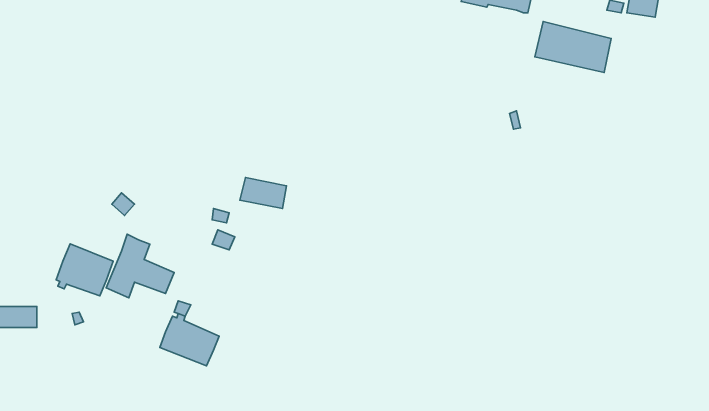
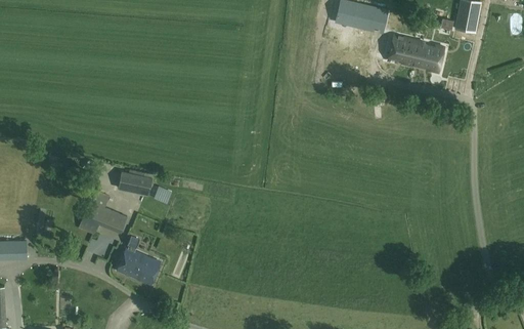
building: [240,177,287,209] -> [118,171,151,194]
building: [56,244,113,296] -> none

